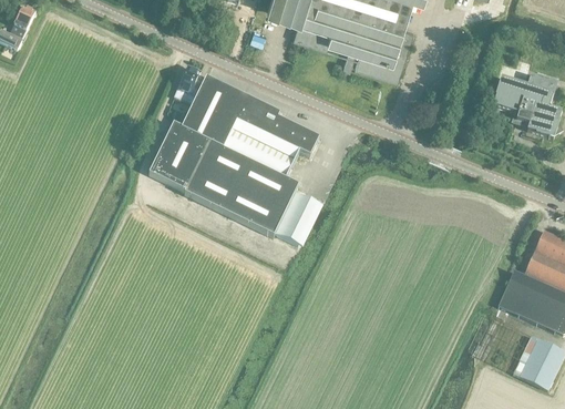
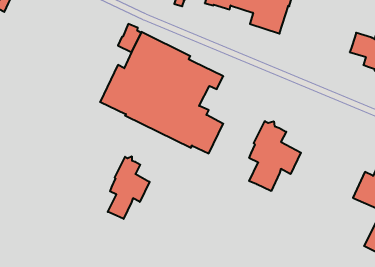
building: none -> [249,121,301,191]
building: none -> [108,156,150,219]

